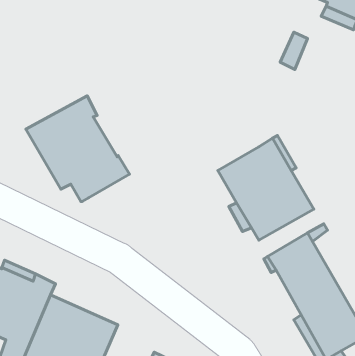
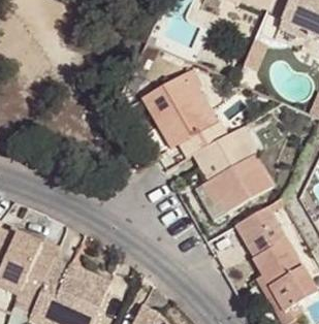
building: [26,96,129,202] -> [142,69,228,157]

